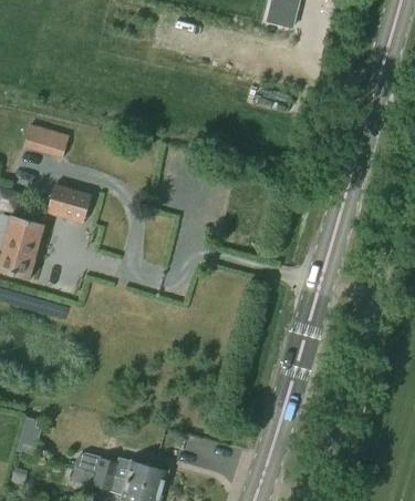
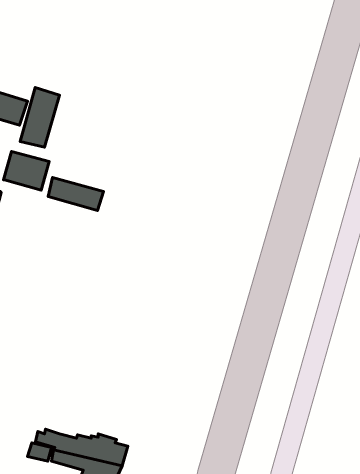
building: none -> [20,87,60,147]
building: none -> [48,177,104,210]

